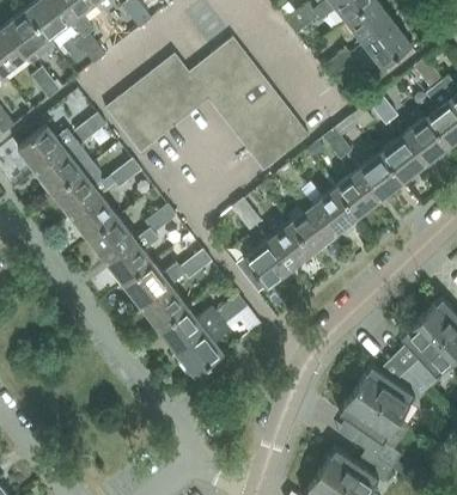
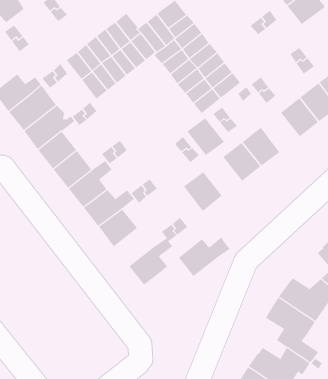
building: [334,172,379,219] -> none
building: [266,225,311,270] -> [186,117,225,156]
building: [159,306,221,354] -> [178,237,231,277]

